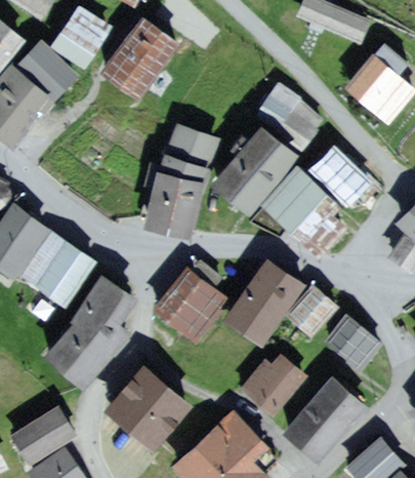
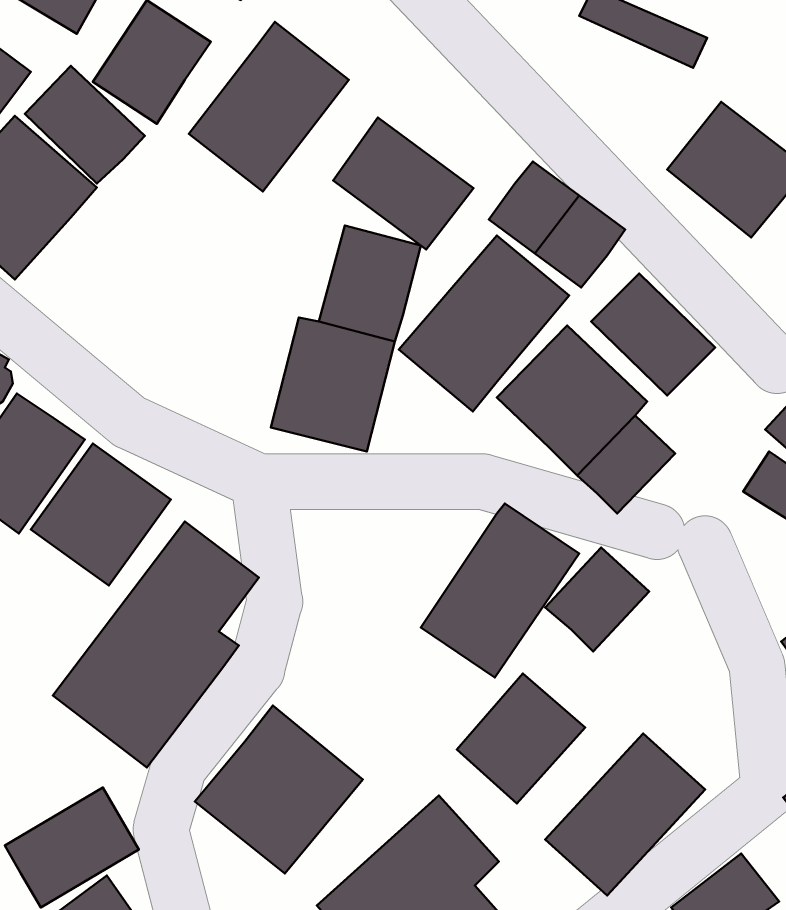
building: none -> [333,118,473,249]
building: [157,268,225,338] -> none
building: [324,316,381,371] -> none

